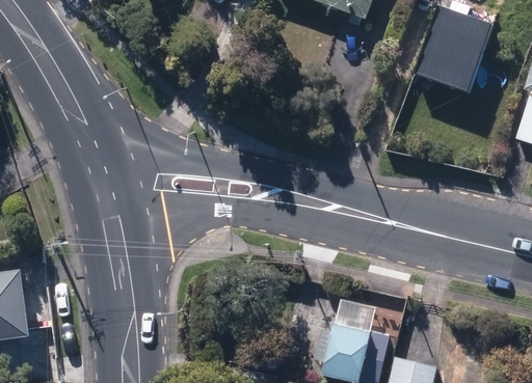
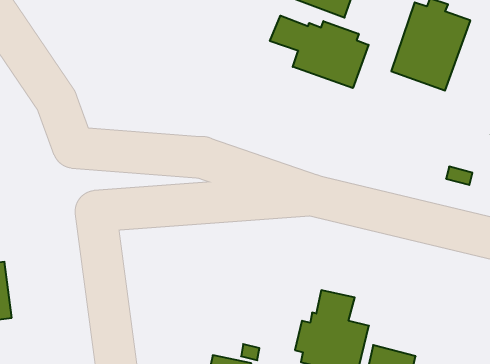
building: none -> [270,16,369,88]

